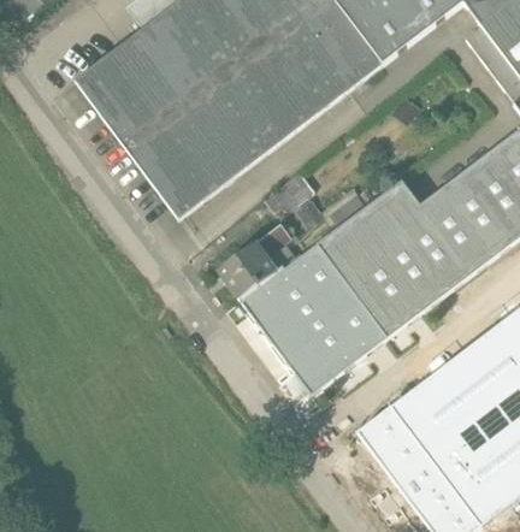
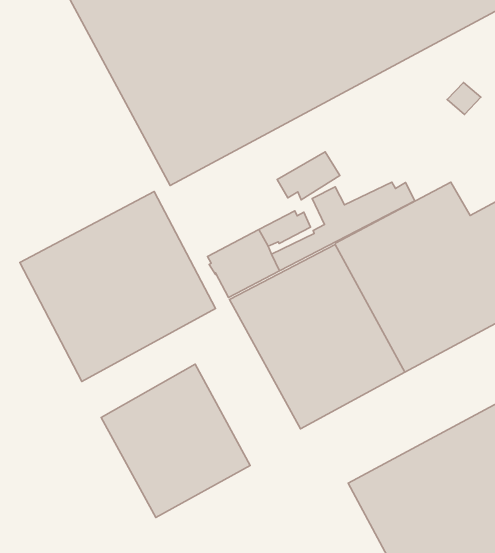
building: none -> [20,192,216,381]
building: none -> [101,364,250,517]

